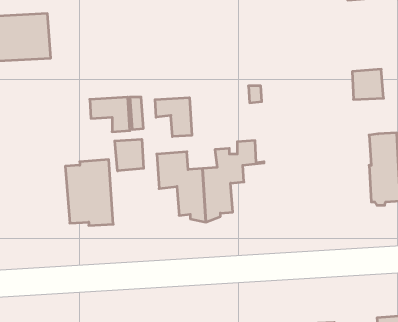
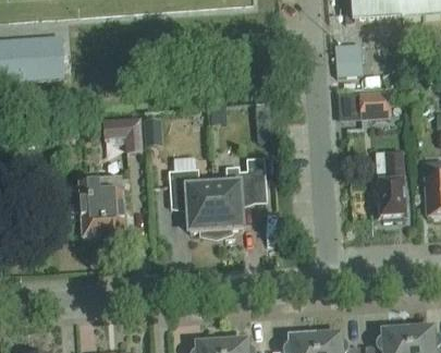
building: none -> [334,41,363,74]
building: [155,98,192,137] -> none
building: [115,139,144,171] -> none

